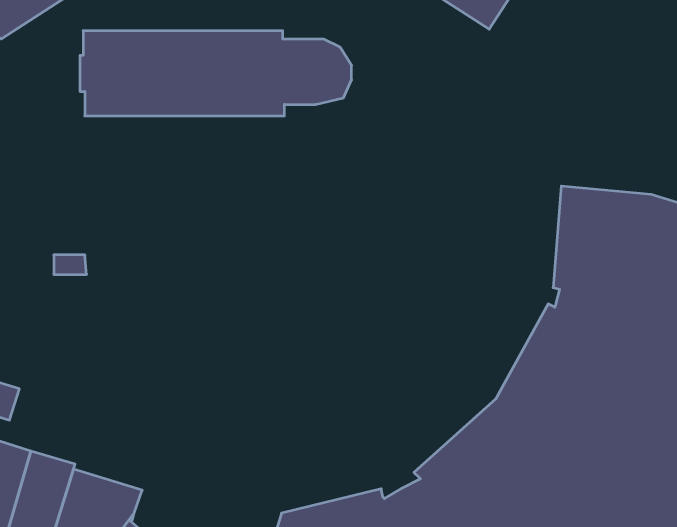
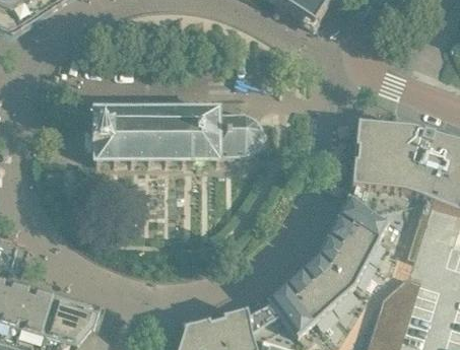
building: [80,31,352,116] -> [92,107,261,159]

